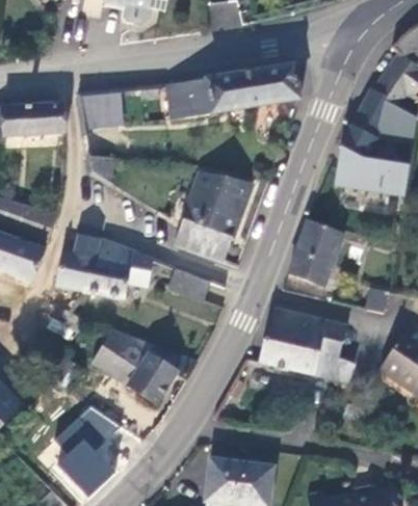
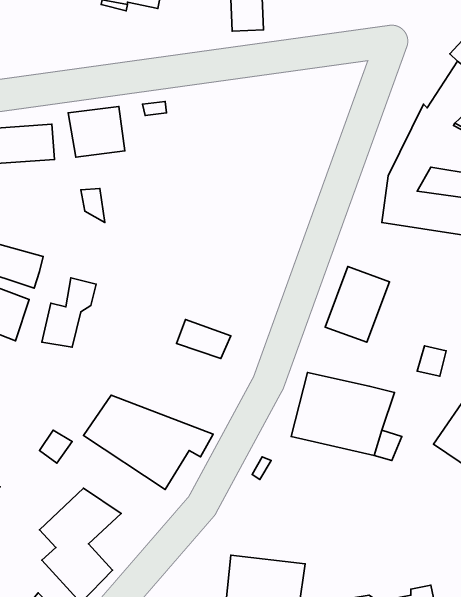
building: [165,66,301,123] -> none
building: [172,169,252,263] -> none
building: [80,237,152,298] -> none

